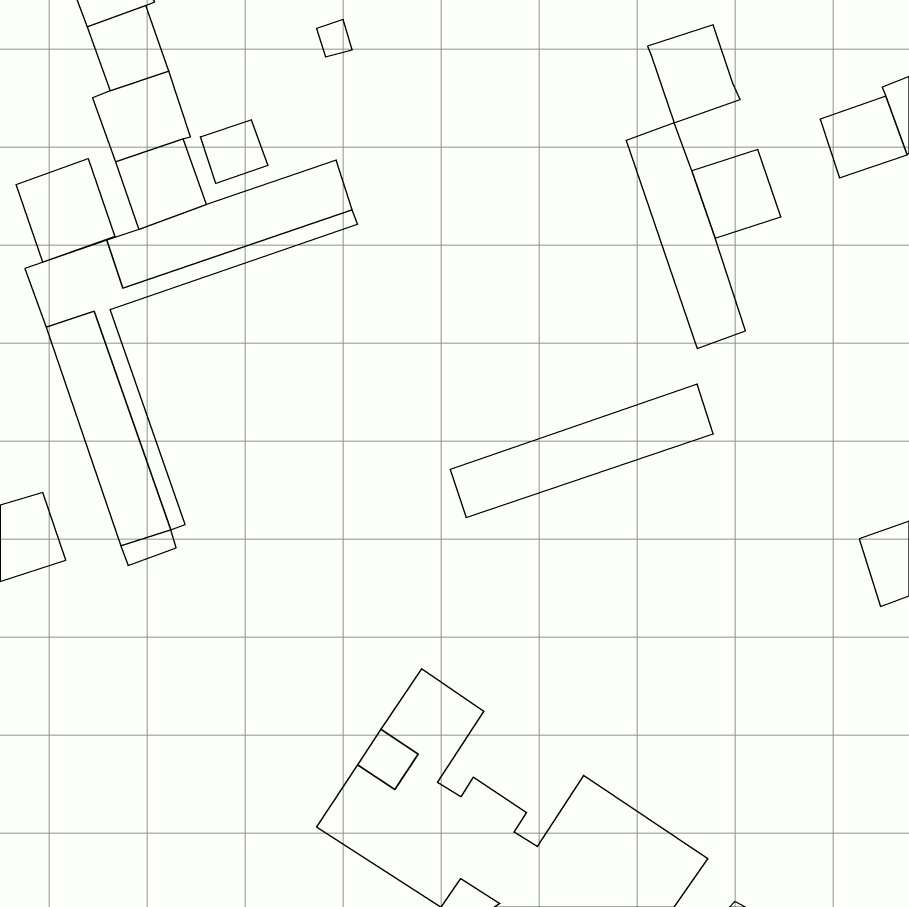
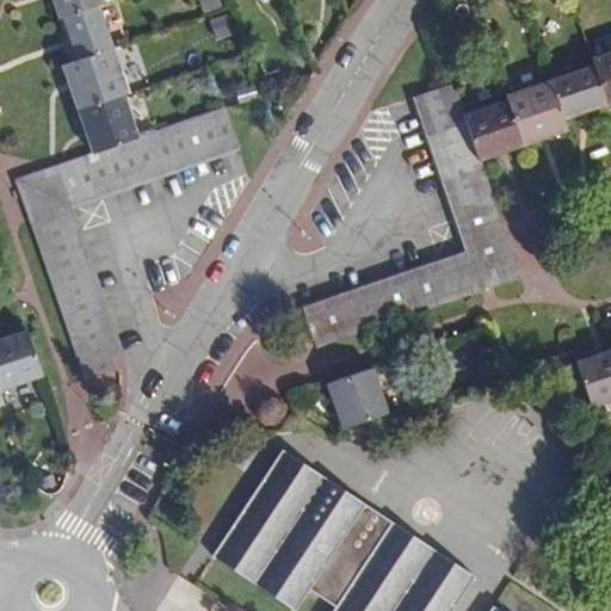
building: [648,25,740,123] -> [506,80,568,146]
building: [200,120,268,183] -> none
building: none -> [298,94,519,315]
building: [16,159,115,262] -> none
building: none -> [327,368,389,428]
building: none -> [294,477,391,568]

